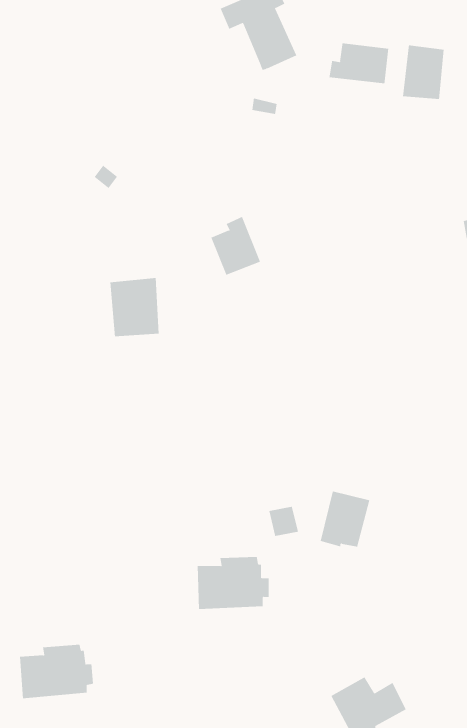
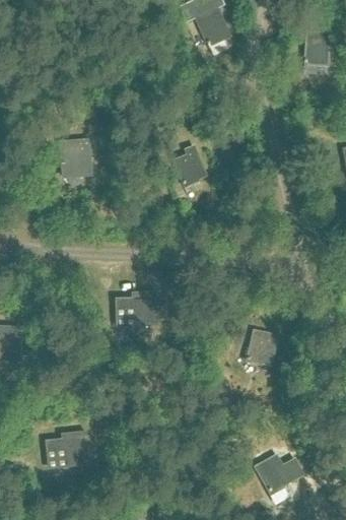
building: [329,43,389,84] -> none
building: [110,278,160,337] -> [59,138,92,178]
building: [197,556,270,610] -> [116,291,164,327]

